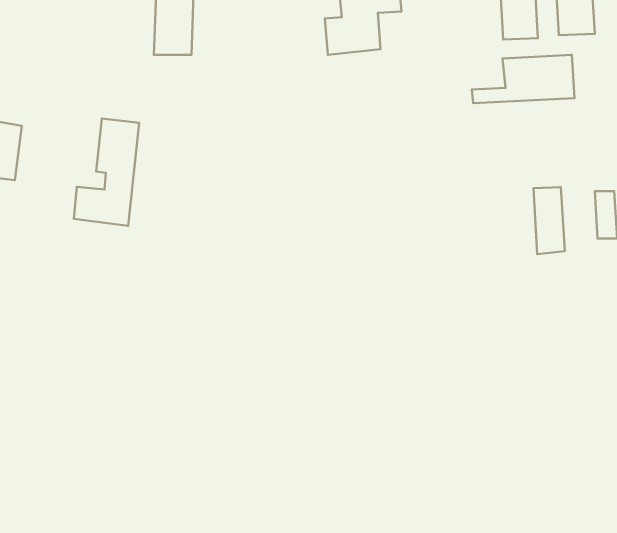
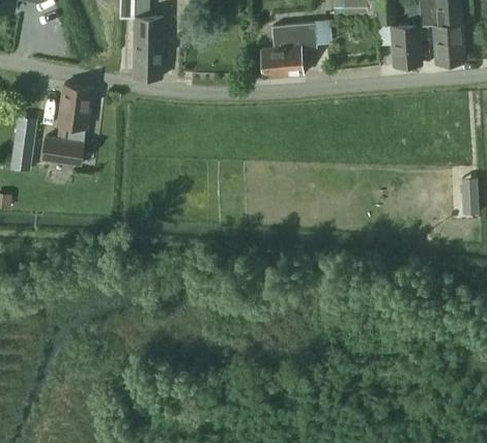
building: [472,55,575,103] -> none
building: [74,119,139,226] -> [41,85,90,165]
building: [533,187,565,254] -> none

